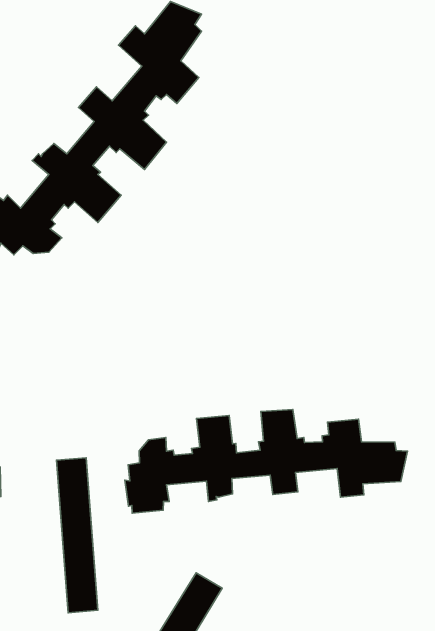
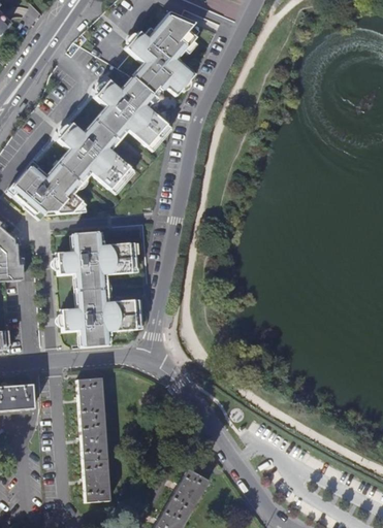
building: none -> [58,231,136,345]
building: [125,409,407,513] -> none

